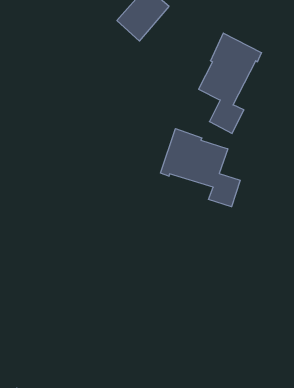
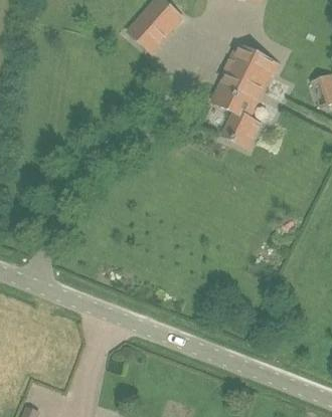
building: [161,129,240,207] -> none

